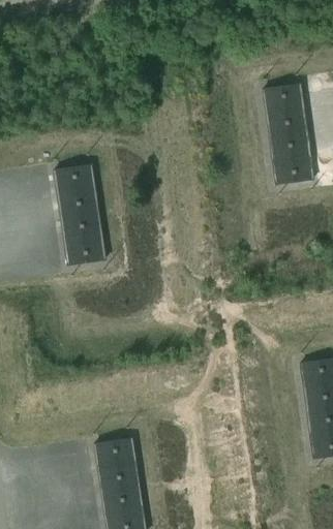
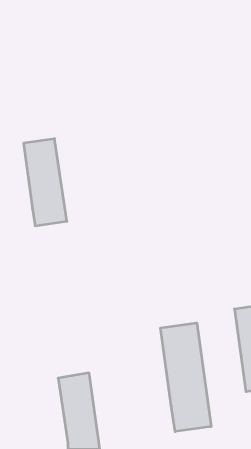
building: [263,84,312,185] -> none
building: none -> [161,323,211,432]

